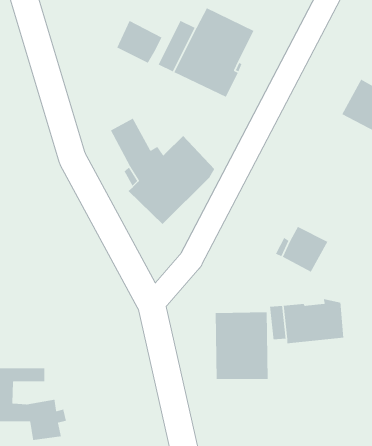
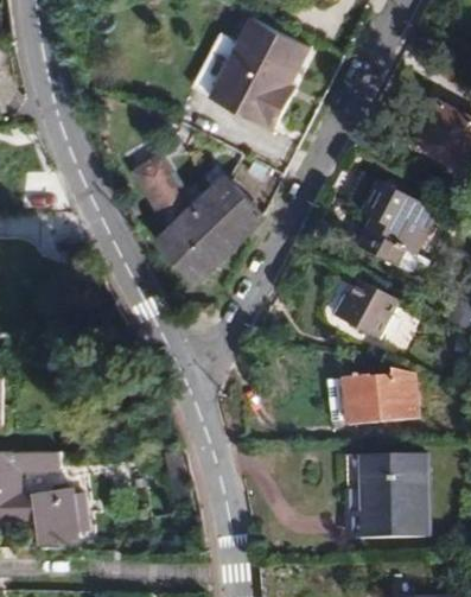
building: [116,20,163,64] -> none
building: none -> [361,182,438,267]
building: [215,311,268,380] -> [364,455,429,538]

